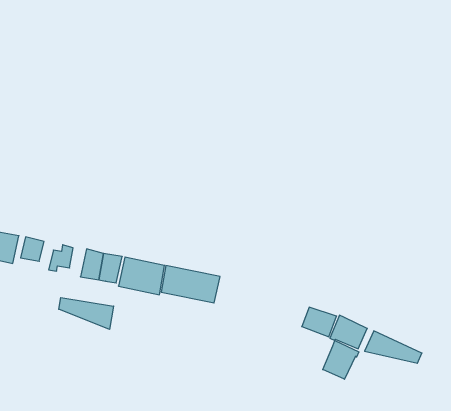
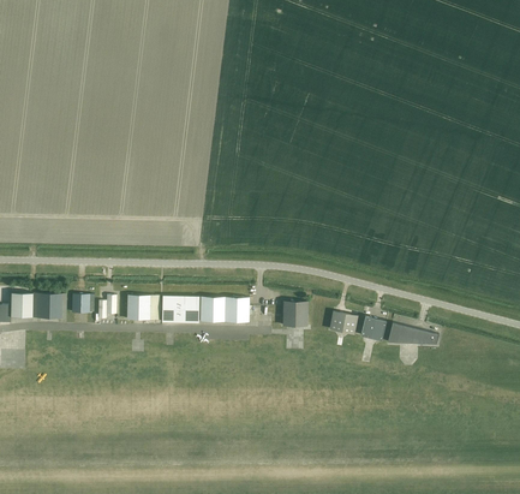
building: none -> [283,300,307,326]
building: [59,298,114,329] -> none
building: [323,341,359,379] -> none

